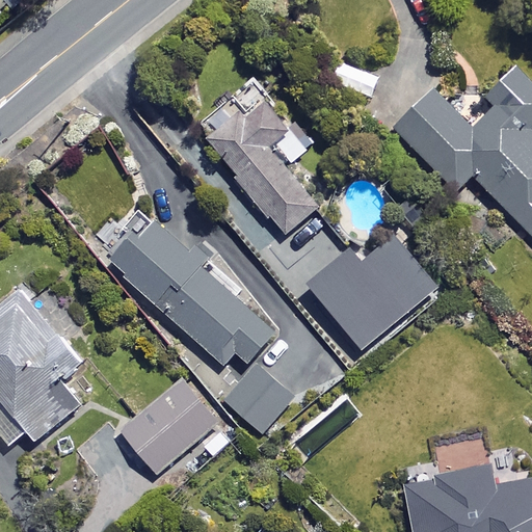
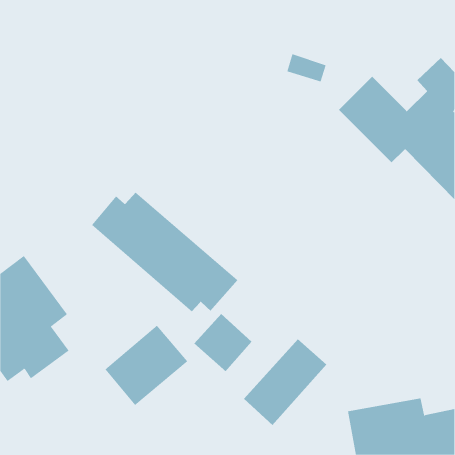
building: [208,99,323,235] -> none
building: [304,233,438,350] -> none
building: none -> [243,338,327,426]

